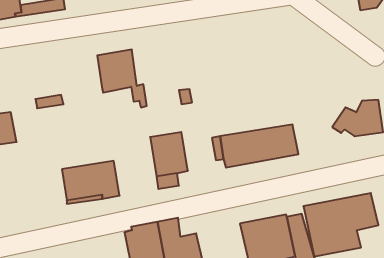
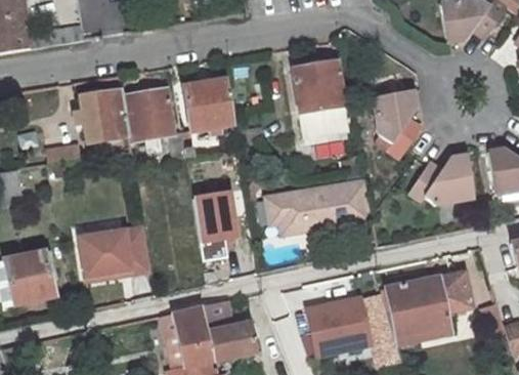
building: none -> [293,59,348,138]
building: none -> [180,80,235,159]
building: none -> [75,91,129,144]
building: none -> [375,91,420,158]
building: none -> [7,249,54,302]

